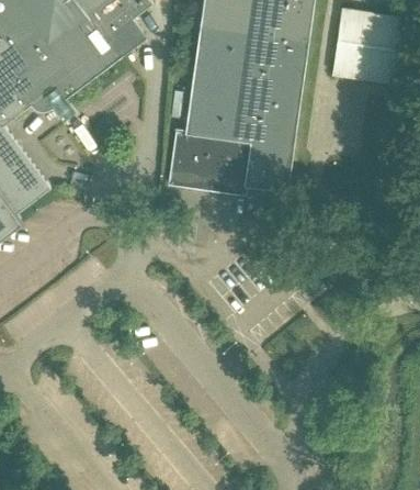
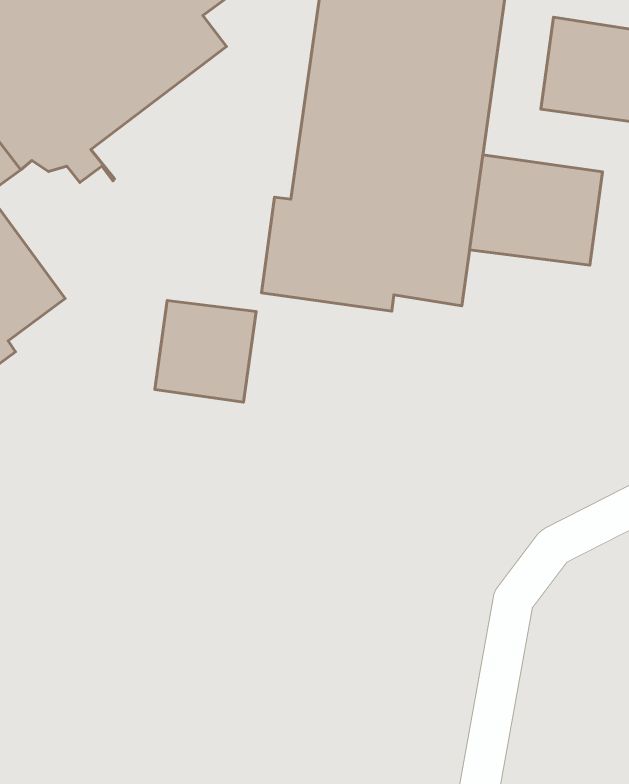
building: none -> [470,155,603,265]
building: none -> [155,301,256,402]

